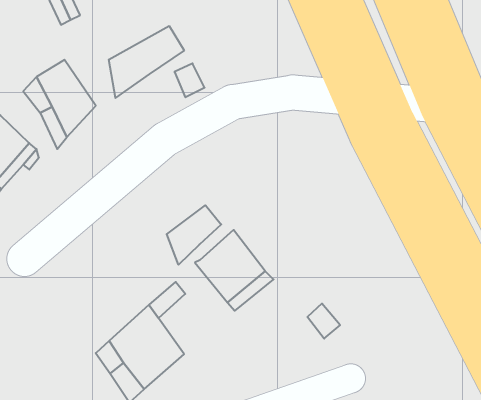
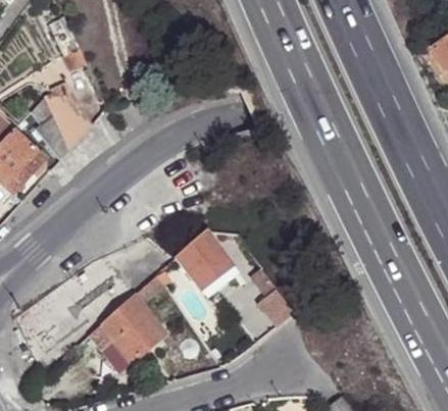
building: [109,26,184,98] -> none
building: [167,205,221,265] -> none

